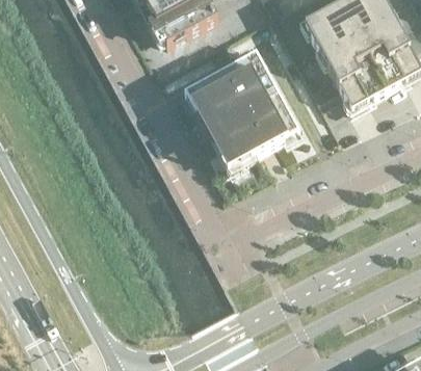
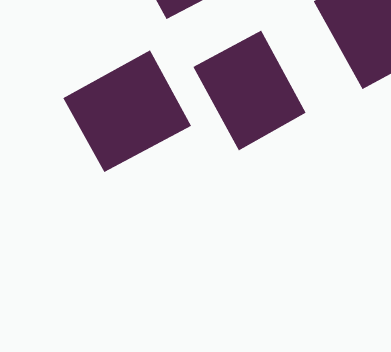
building: none -> [63,50,192,173]

